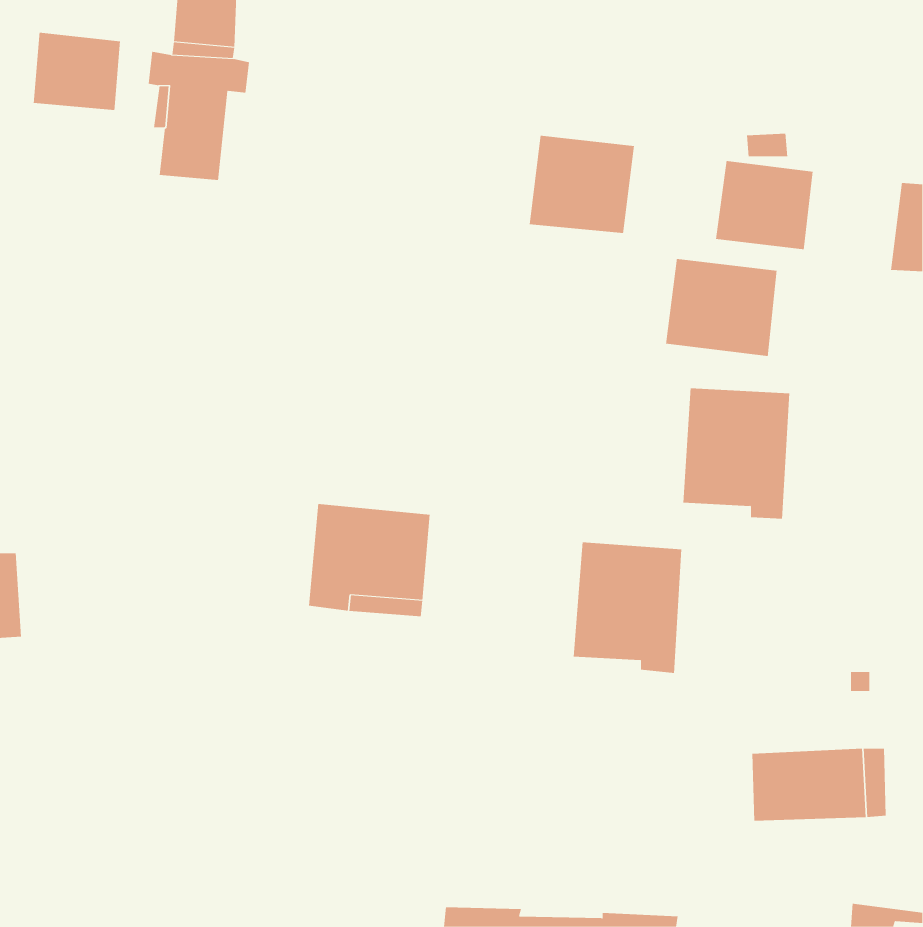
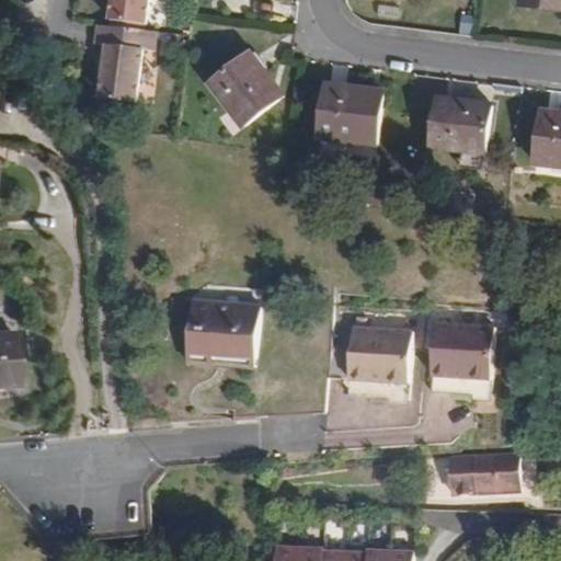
building: [33,32,121,111] -> none
building: none -> [201,47,275,123]
building: [665,258,777,357] -> none
building: [683,388,790,519] -> [427,322,492,401]

